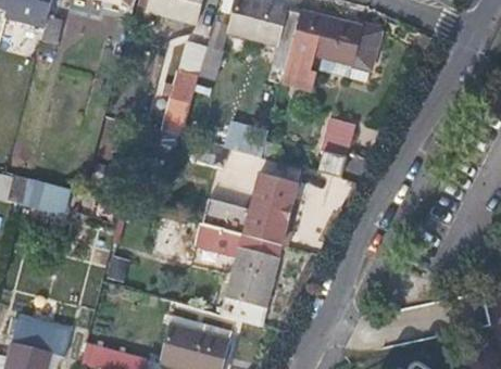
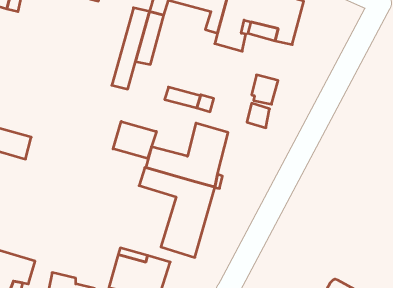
building: none -> [113,121,156,159]

